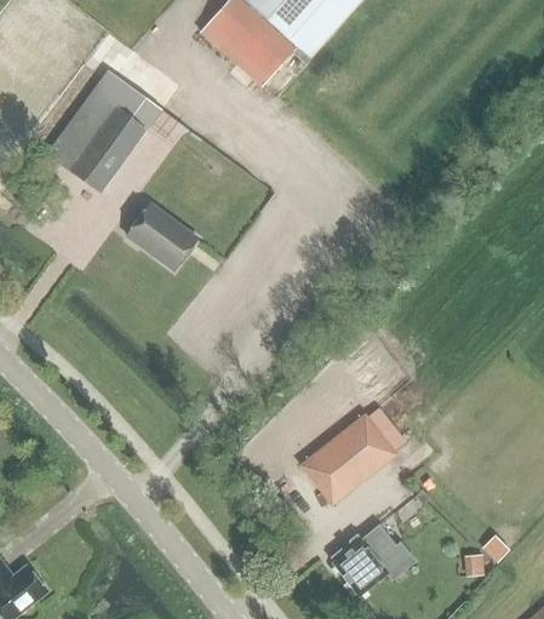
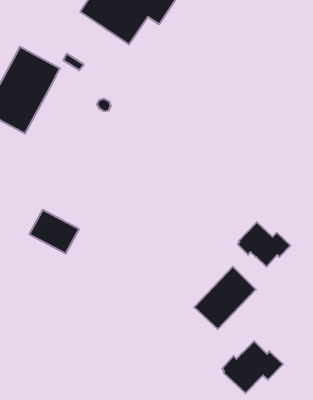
building: [126,202,196,268] -> [29,210,79,253]
building: none -> [238,222,291,267]

